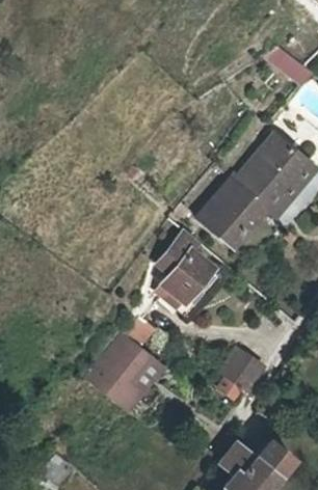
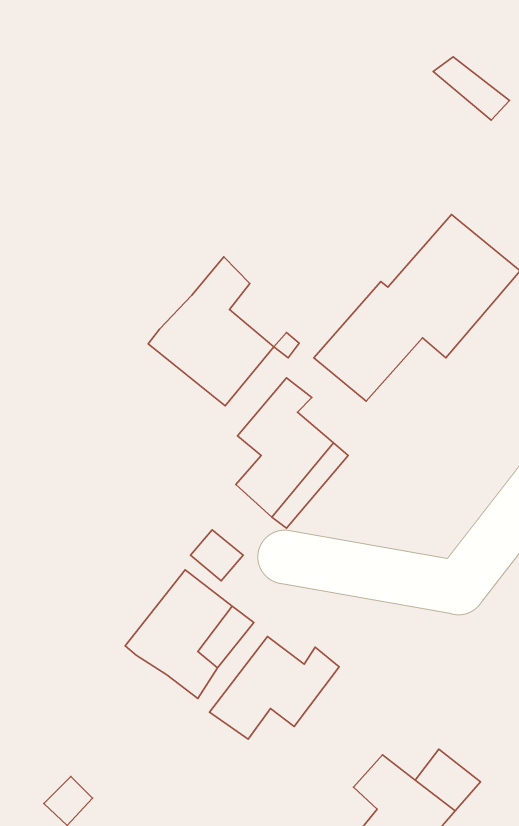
building: none -> [148,257,274,406]
building: [222,350,265,392] -> none
building: none -> [209,637,339,739]

